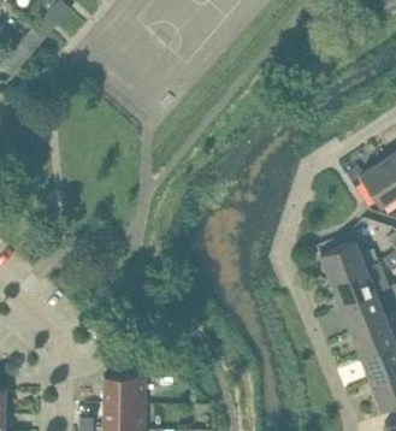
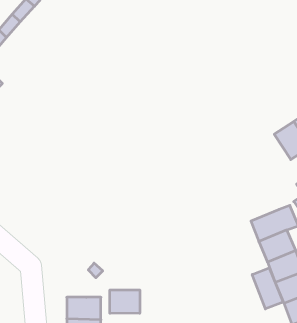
building: [319,242,365,283] -> none
building: none -> [252,268,283,309]
building: none -> [110,290,140,313]

